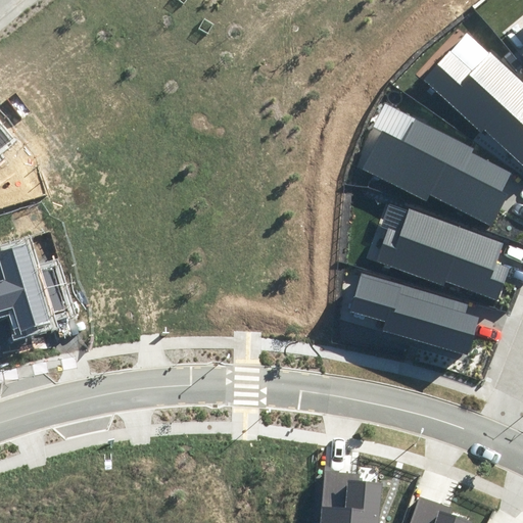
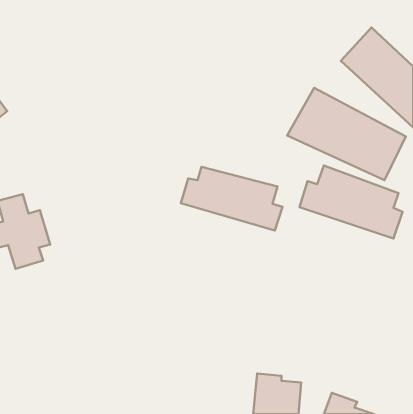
building: none -> [181,167,282,230]
building: [352,274,477,354] -> none

